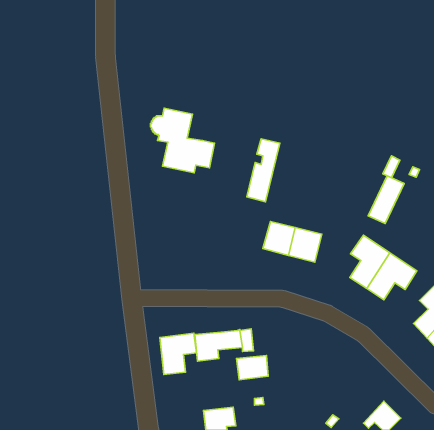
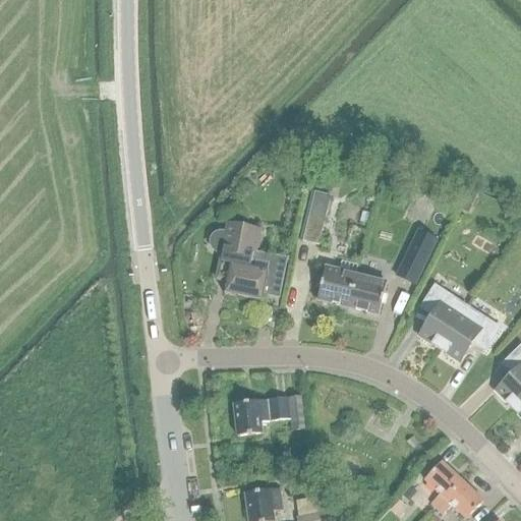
building: [151,108,214,173] -> [211,221,287,298]
building: [368,176,404,224] -> [395,227,438,284]
building: [160,333,197,375] -> none
building: [237,355,268,380] -> none
building: none -> [421,460,460,506]

